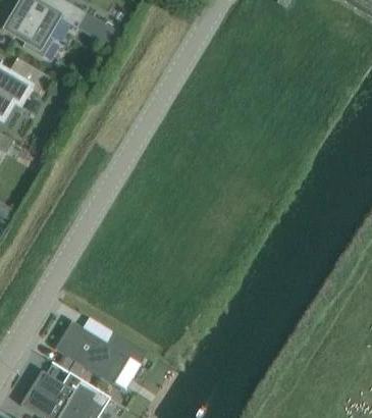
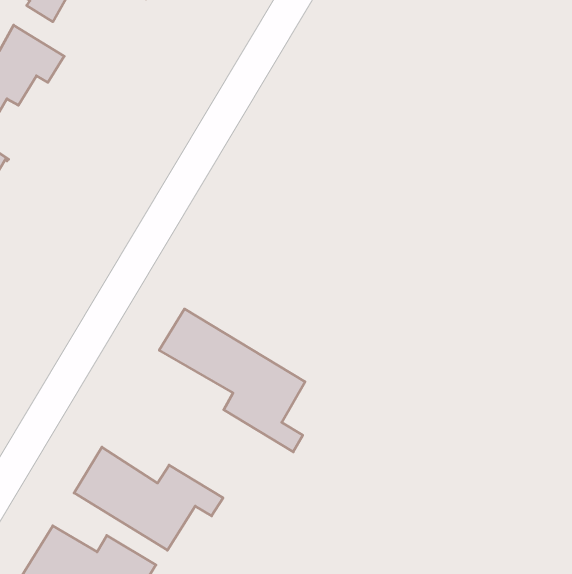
building: none -> [159,309,305,452]

